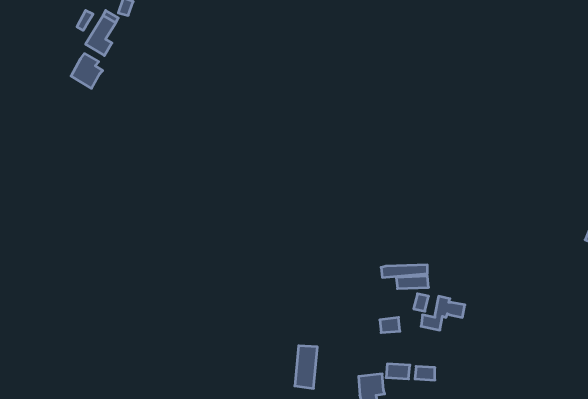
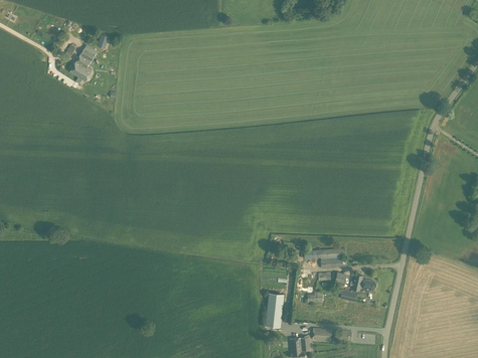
building: [71,54,103,88] -> none
building: [295,346,317,388] -> [265,293,283,327]

